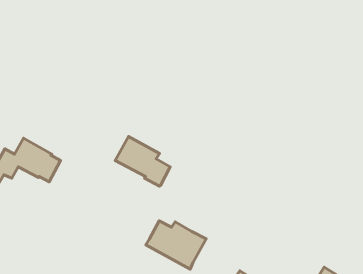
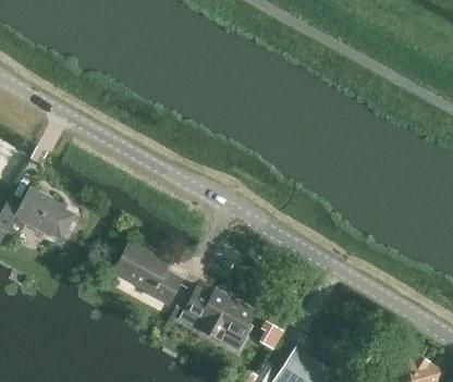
building: [115,136,170,186] -> [114,243,182,304]

